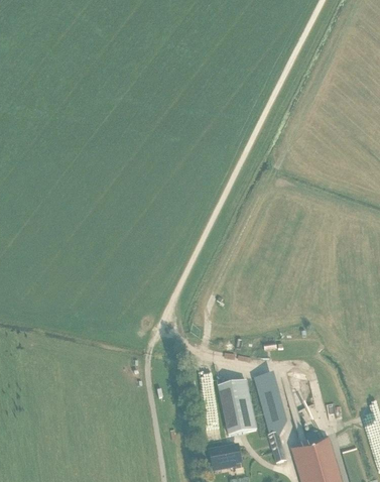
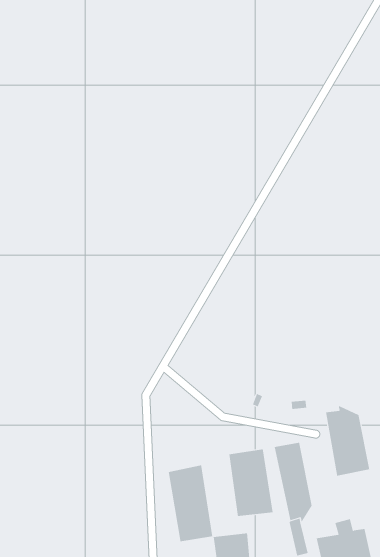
building: none -> [325,406,370,477]
building: none -> [168,464,213,542]

